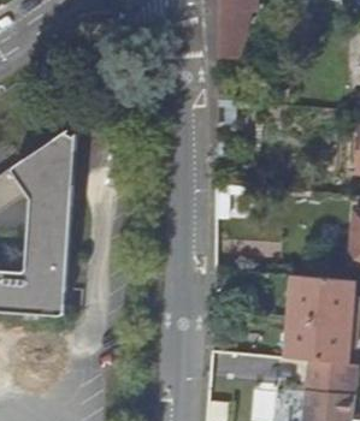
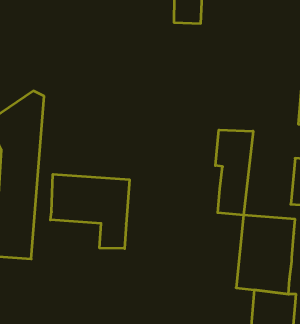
building: none -> [215,130,253,215]
building: none -> [50,174,129,249]

